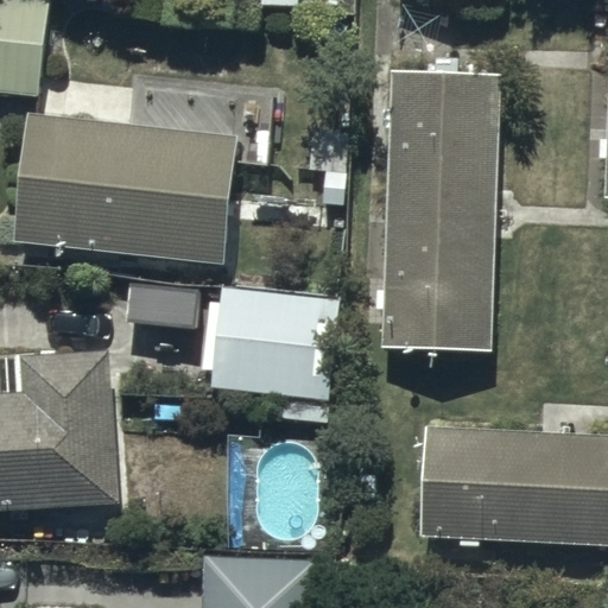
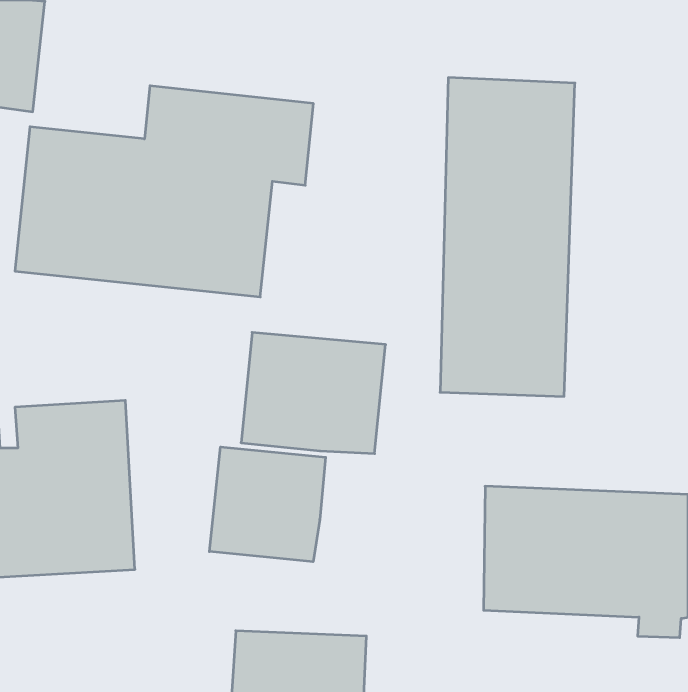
building: none -> [209,447,326,562]

